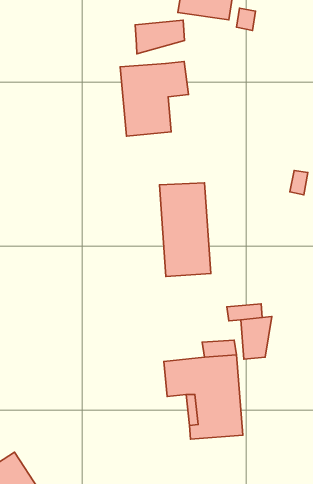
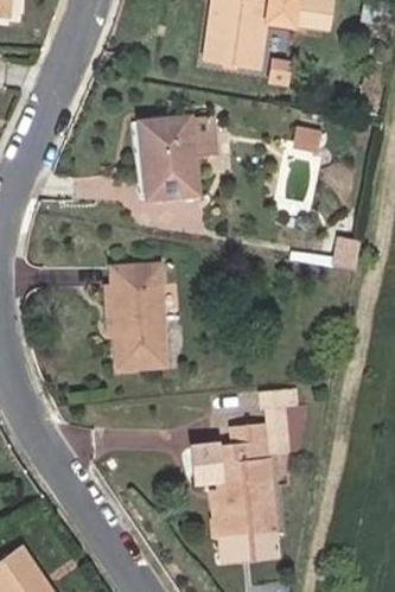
building: [135,20,185,54] -> none
building: [160,183,211,277] -> [109,265,166,369]
building: none -> [217,530,278,559]

